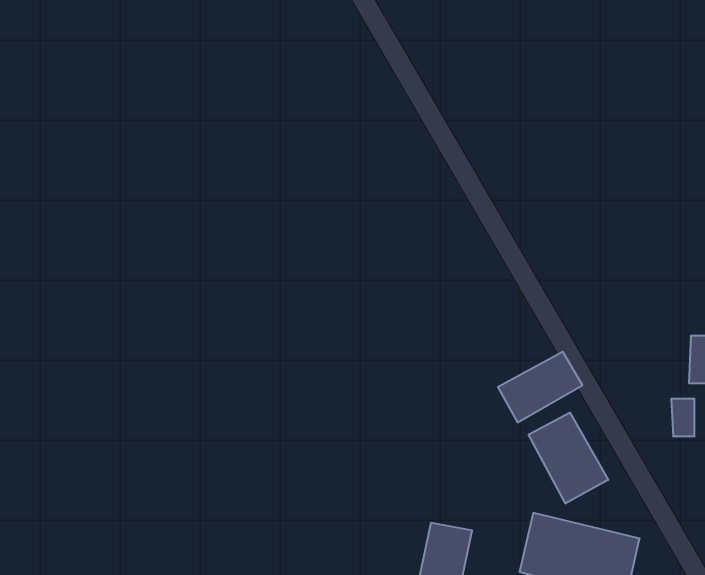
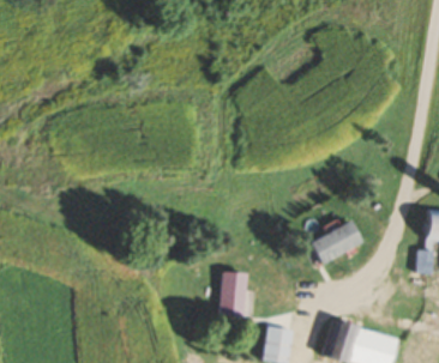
building: [529,413,608,504] -> none
building: none -> [221,273,245,317]

